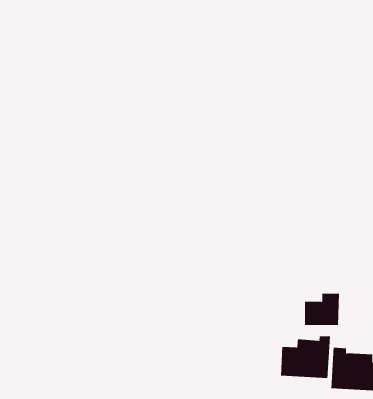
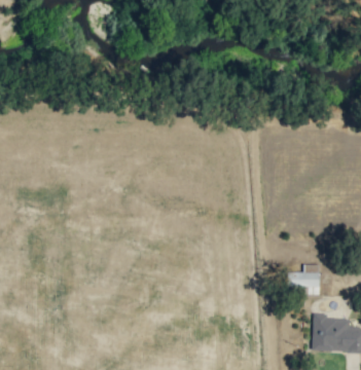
building: [281,336,331,379] -> none

